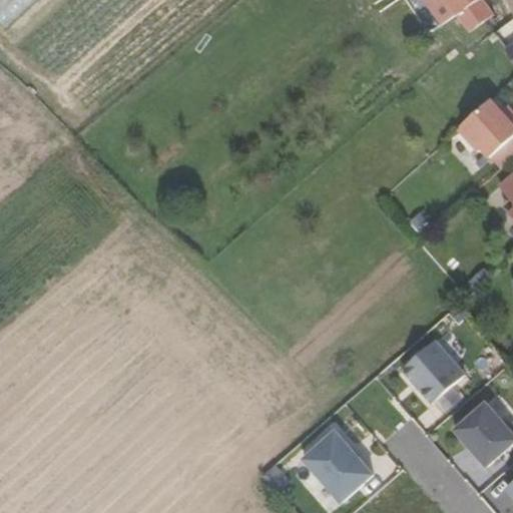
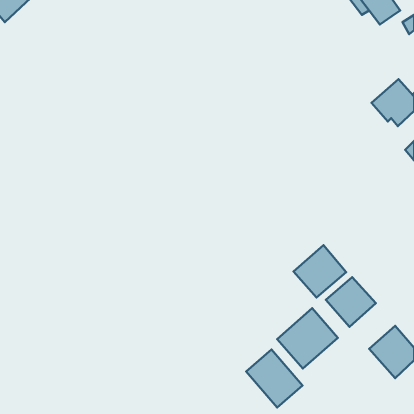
building: none -> [294,245,346,297]
building: none -> [277,308,338,368]

